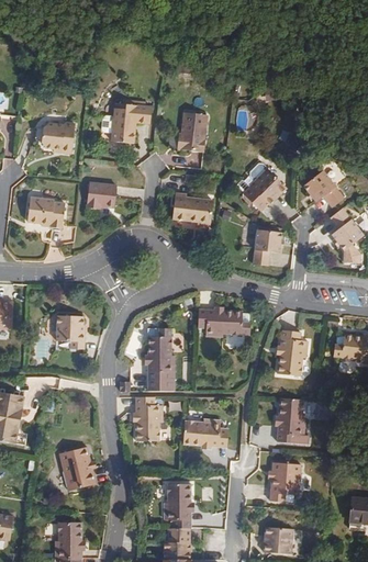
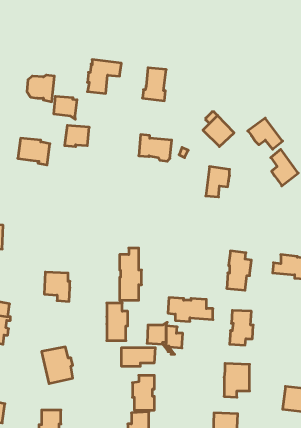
building: none -> [54,96,77,119]
building: [197,311,250,339] -> [168,298,213,321]
building: [54,314,85,349] -> [44,272,70,301]
building: none -> [122,348,155,366]

